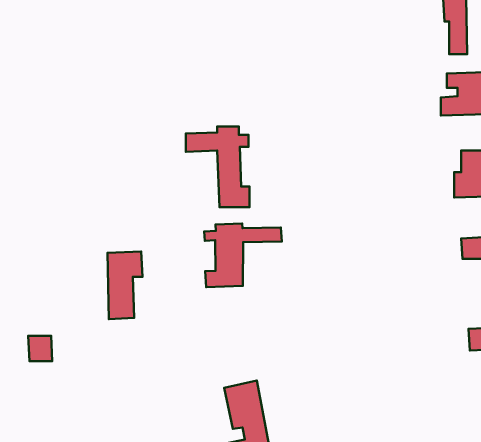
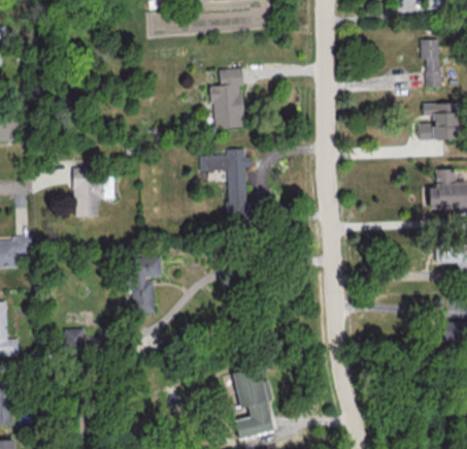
building: none -> [211,68,243,128]
building: none -> [73,167,113,216]
building: [204,223,282,287] -> none

